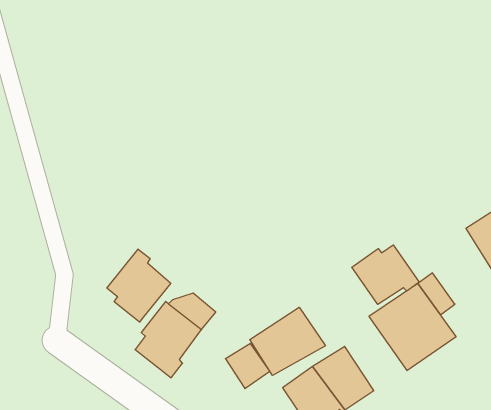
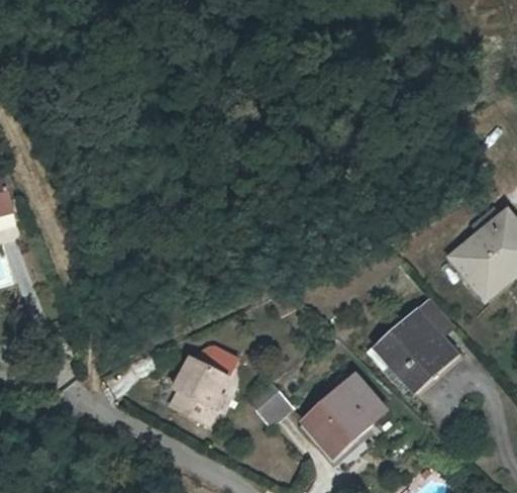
building: [352,245,419,304] -> none
building: [107,249,171,322] -> none
building: [250,307,325,375] -> none

